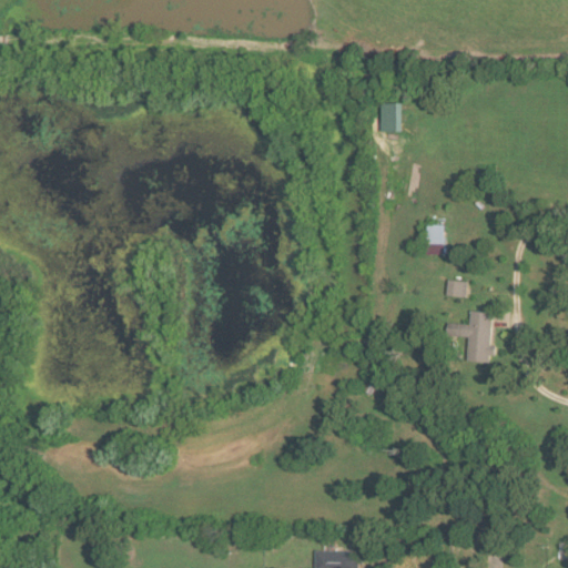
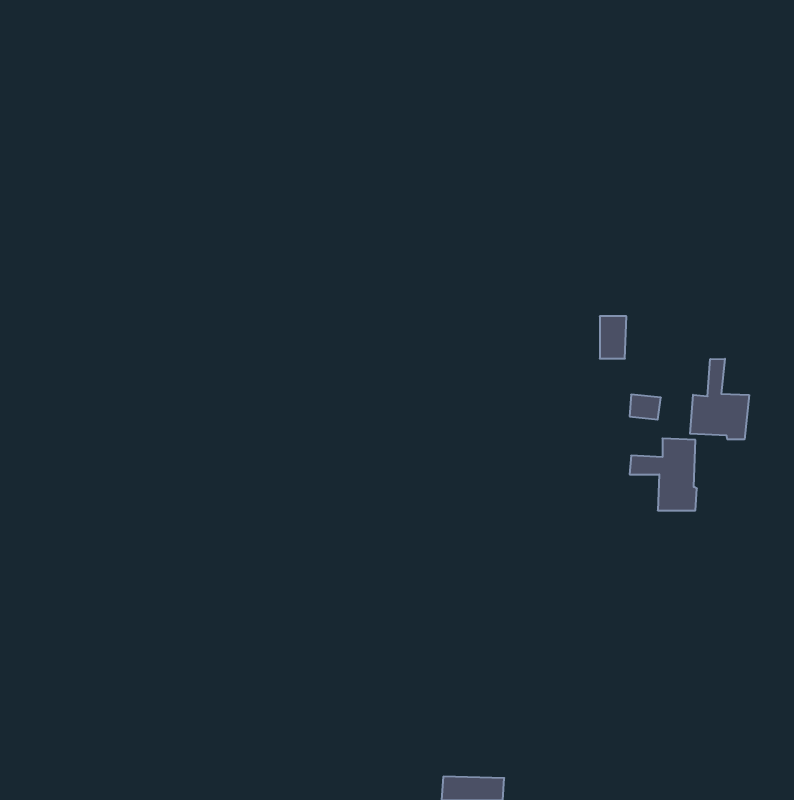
building: [381,102,400,132] -> none
building: none -> [690,359,749,439]

